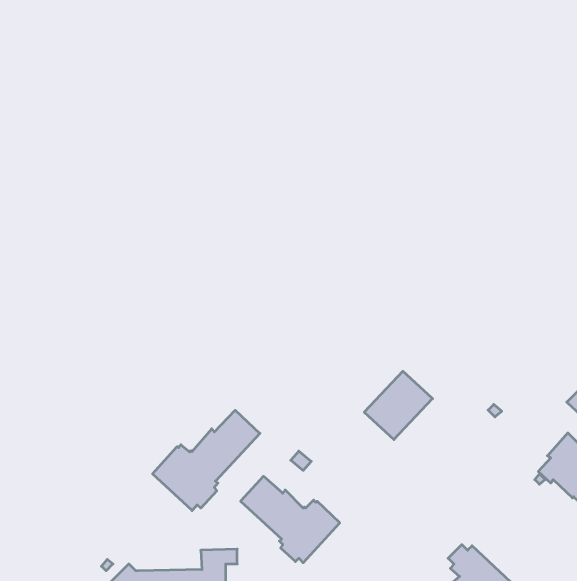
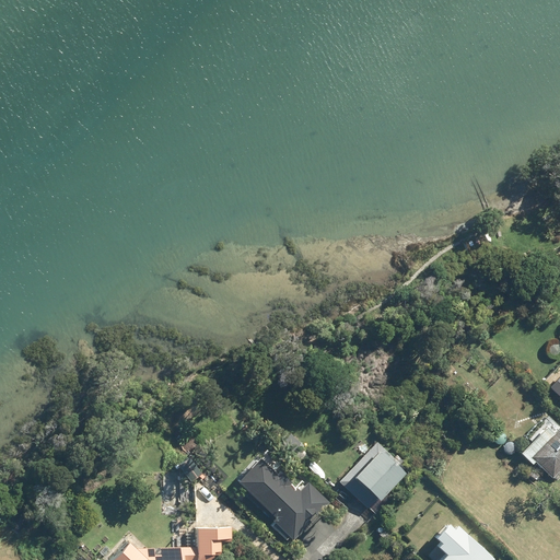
building: [364,371,433,440] -> [341,443,407,509]
building: [153,410,260,511] -> none

